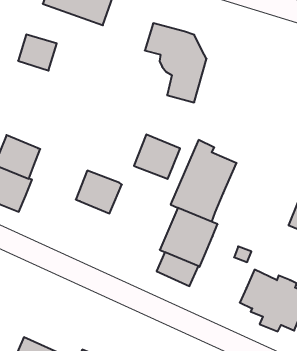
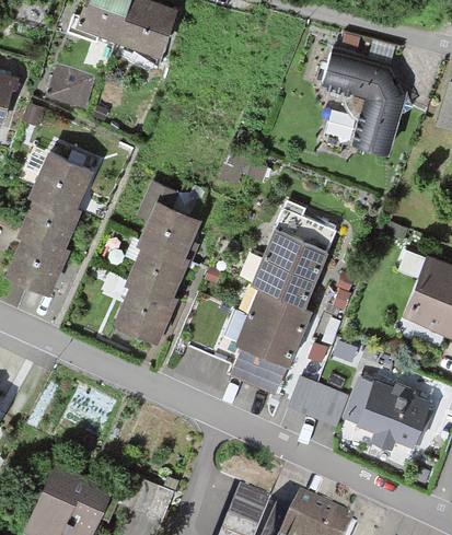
building: [145,23,207,102] -> [324,53,406,158]
building: none -> [30,153,92,212]
building: [134,134,180,179] -> [138,199,199,258]
building: none -> [113,282,175,344]
building: none -> [291,376,351,427]

